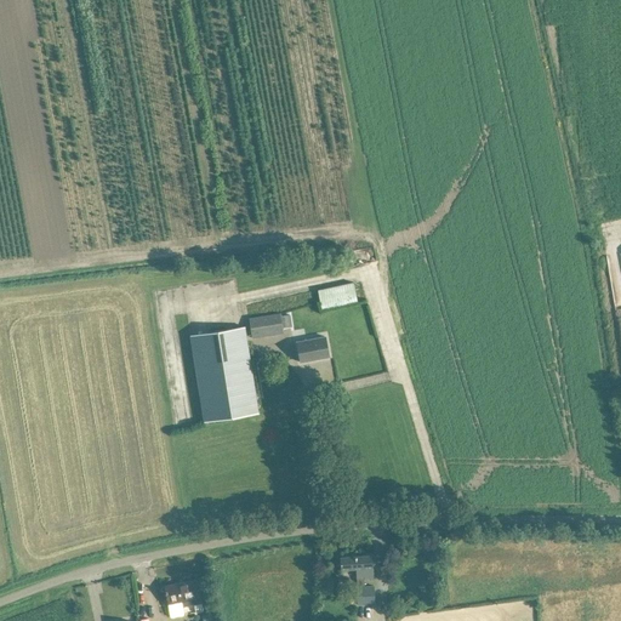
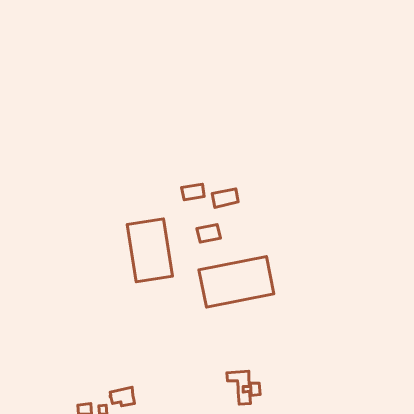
building: [249,314,283,337] -> [182,184,204,200]
building: none -> [199,256,274,307]

